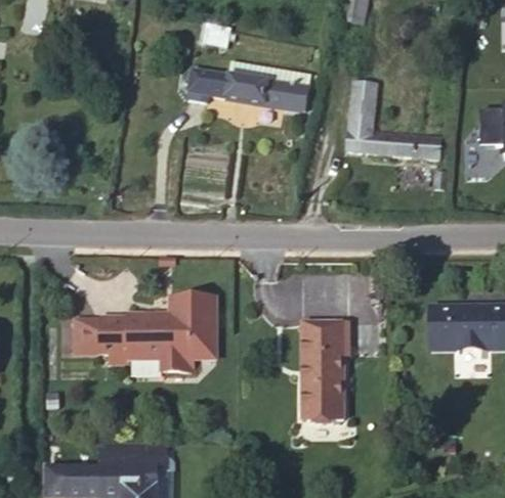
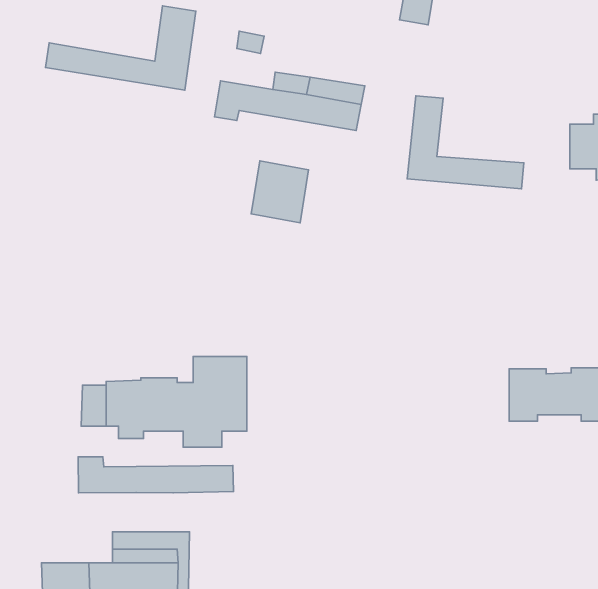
building: none -> [45,6,196,90]
building: none -> [251,161,308,223]
building: [301,322,348,420] -> none
building: none -> [78,457,234,493]

